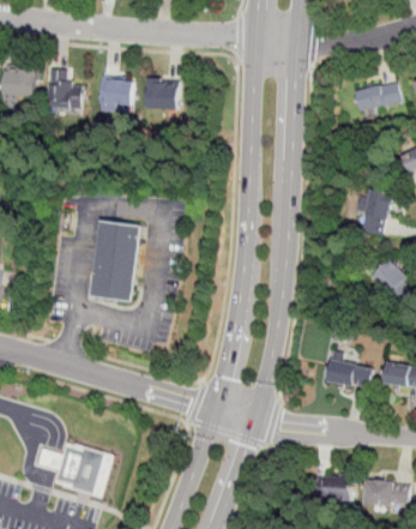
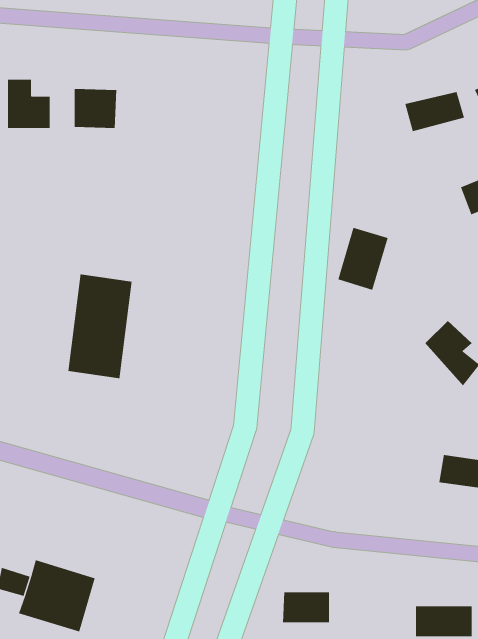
building: [146,78,177,110] -> none
building: [355,187,394,236] -> [337,227,388,290]
building: [325,359,372,390] -> none
building: [314,476,351,500] -> [282,592,330,623]

